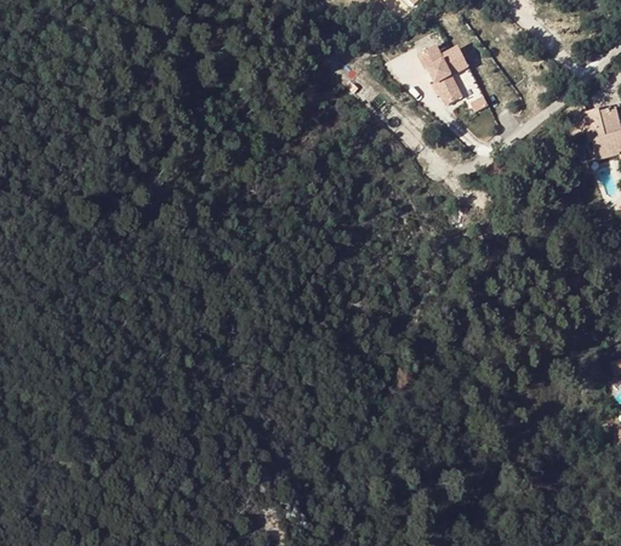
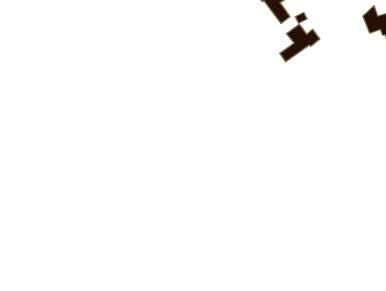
building: none -> [280,24,320,62]

